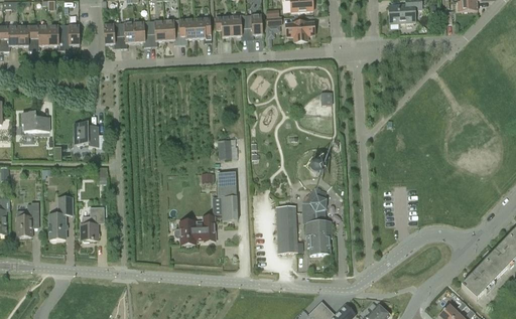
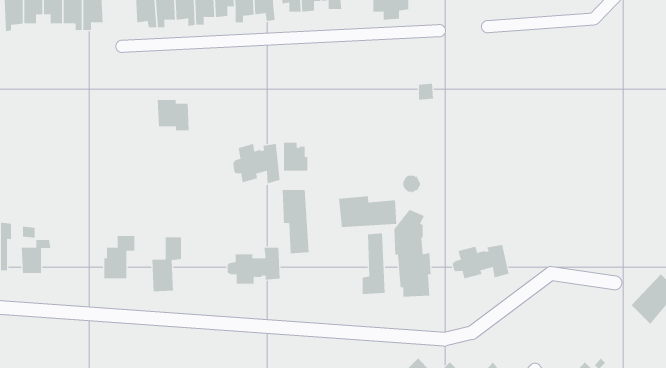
building: [22,111,49,130] -> none
building: [74,122,99,146] -> [157,99,190,131]
building: none -> [233,143,280,184]
building: none -> [338,195,397,228]
building: [48,196,72,238] -> [152,237,182,292]
building: none -> [452,244,509,279]
building: [461,260,500,299] -> none

